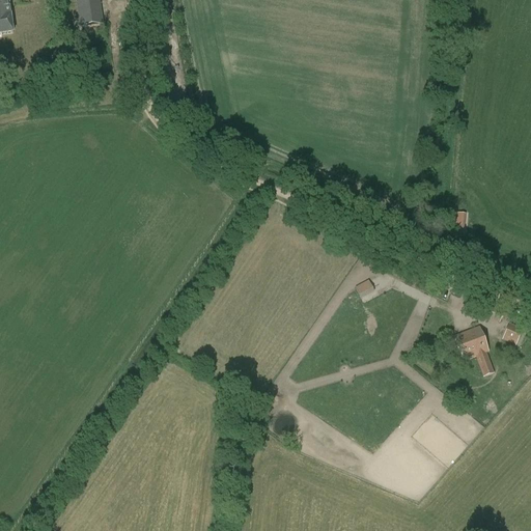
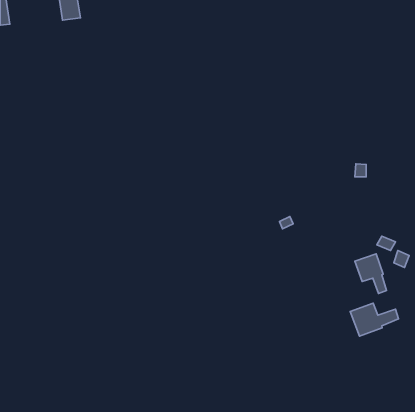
building: none -> [350,303,399,336]

